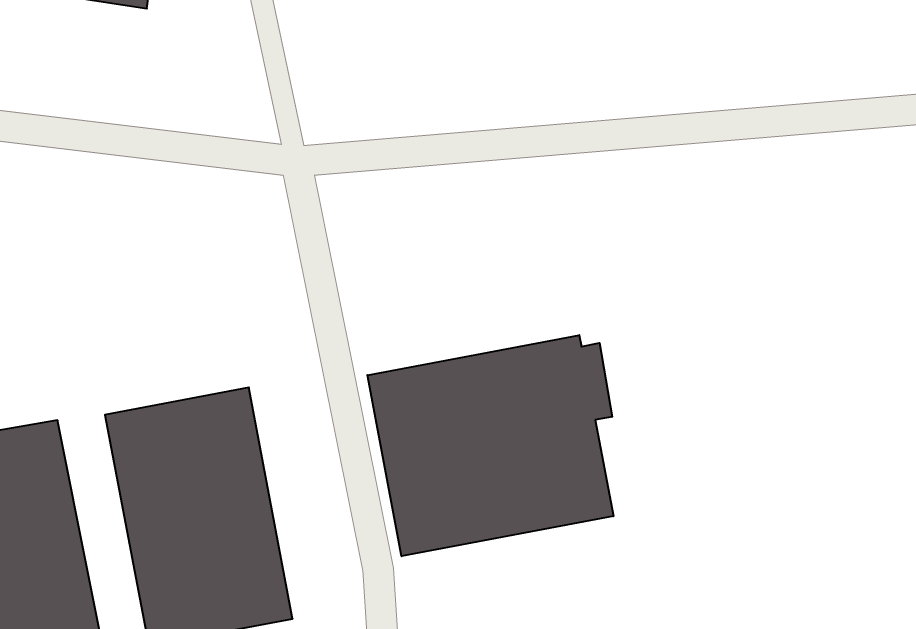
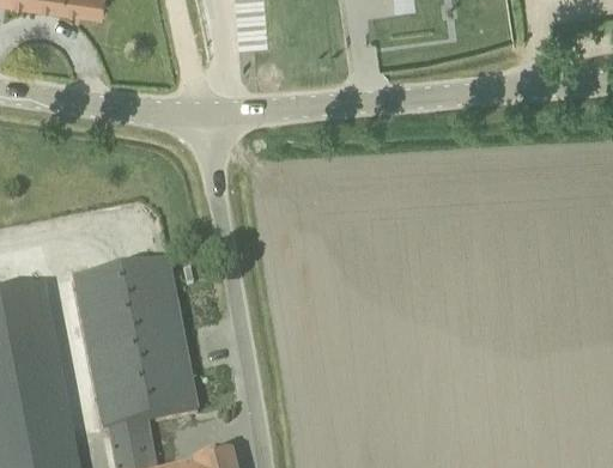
building: [367,335,613,556] -> none

